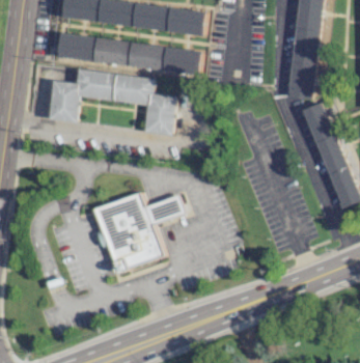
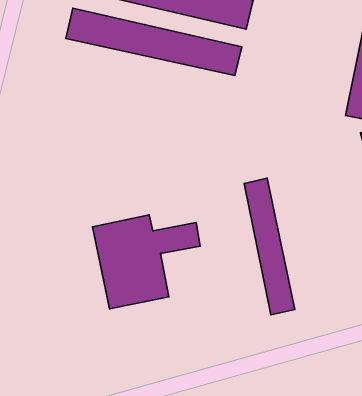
building: [50,69,174,135] -> none
building: none -> [244,178,295,315]

